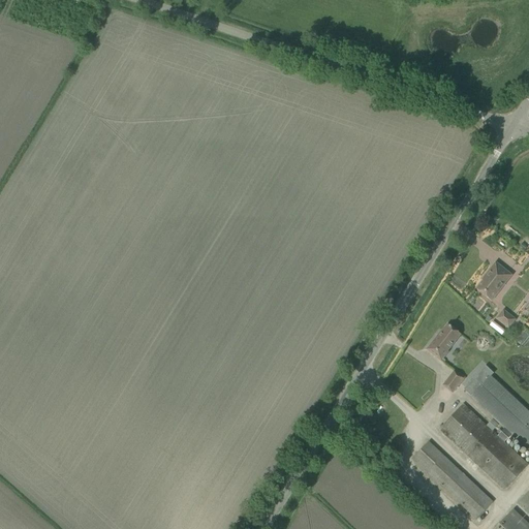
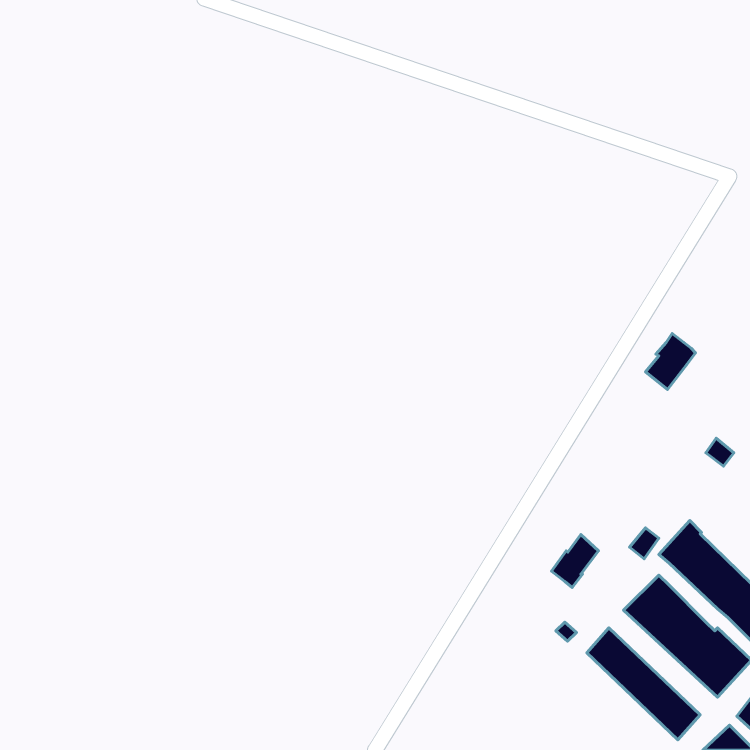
building: [477,261,512,301] -> [646,334,696,390]
building: [428,323,461,361] -> [552,535,599,587]

